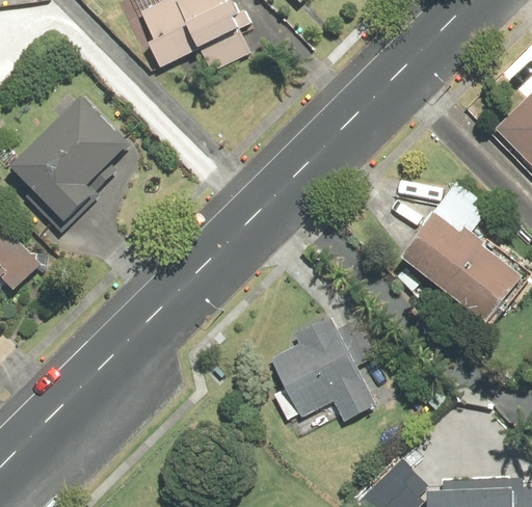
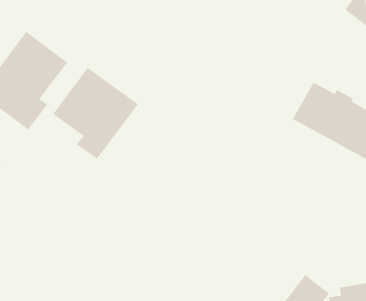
building: none -> [52,67,139,160]
building: [268,318,373,422] -> none

